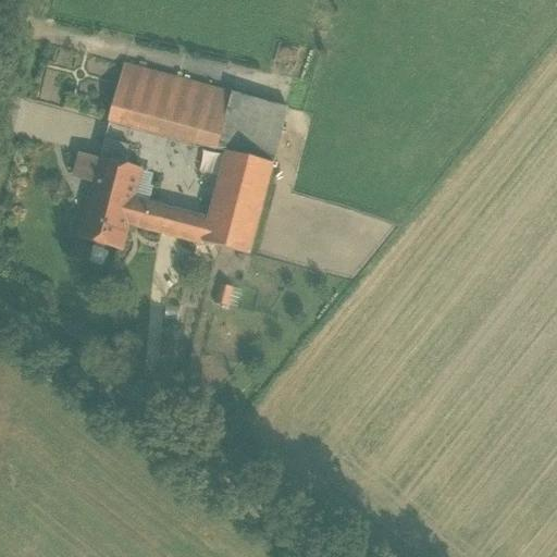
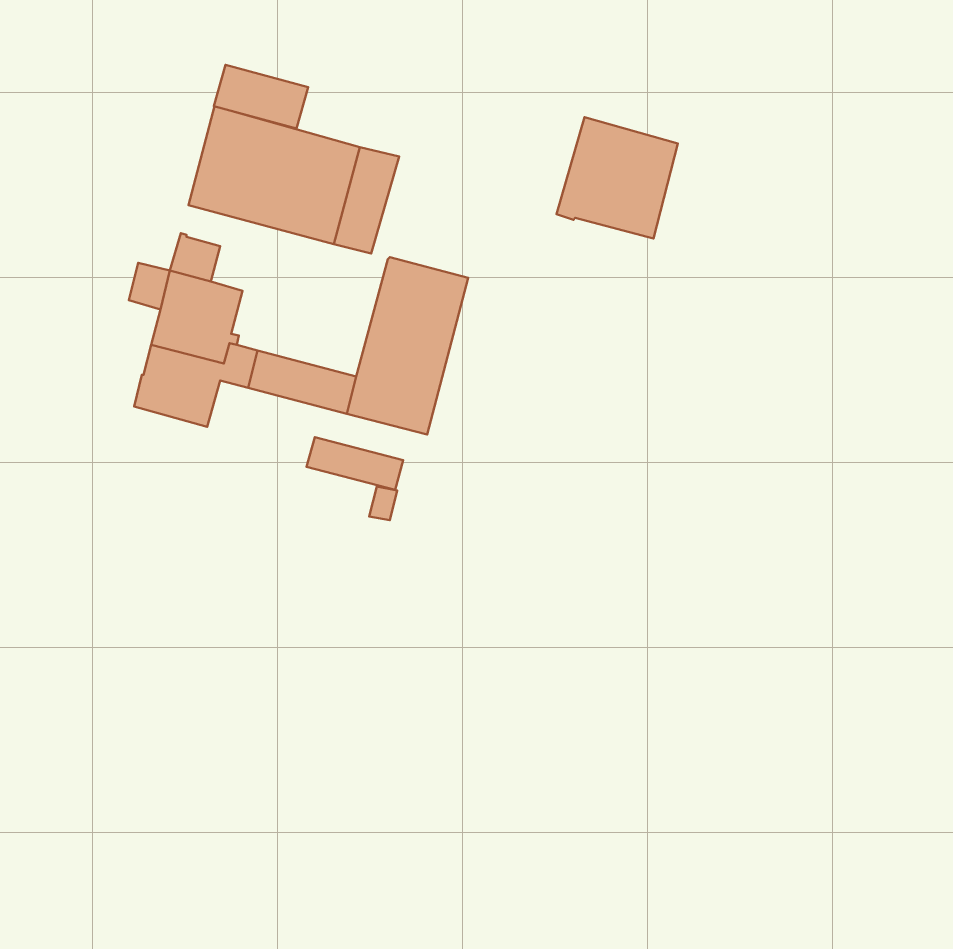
building: none -> [214,65,308,128]
building: [216,91,287,162] -> [557,117,678,238]
building: none -> [307,437,403,490]

